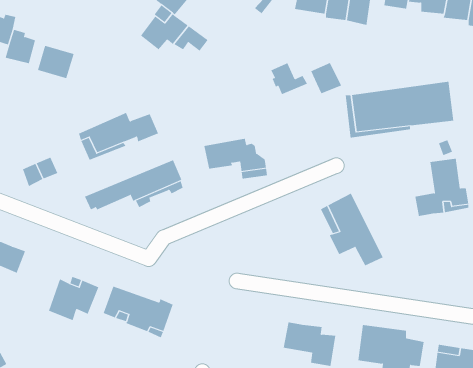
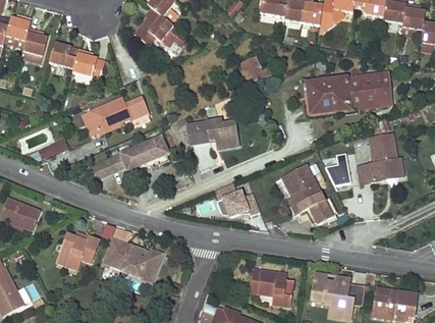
building: none -> [72,49,98,78]
building: [311,62,342,94] -> none
building: none -> [327,154,351,187]
building: none -> [216,181,262,217]

